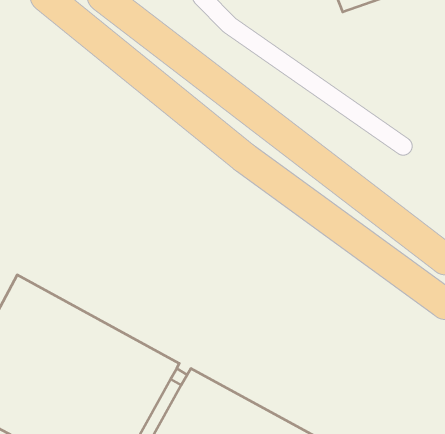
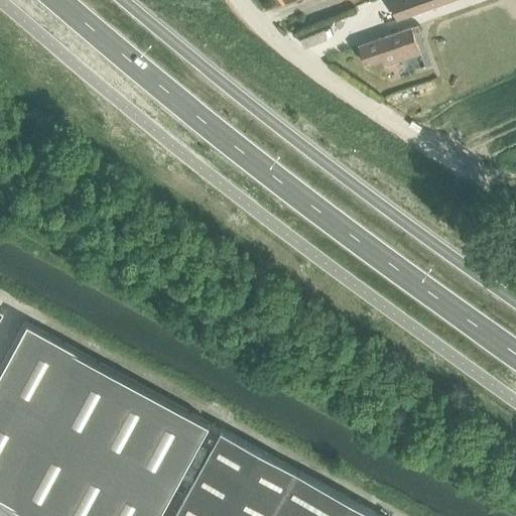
building: none -> [357,32,418,72]

